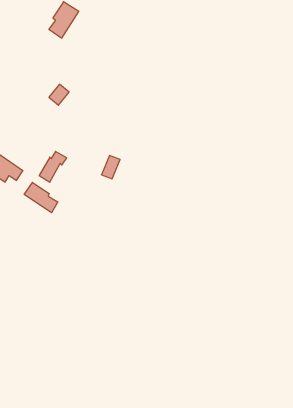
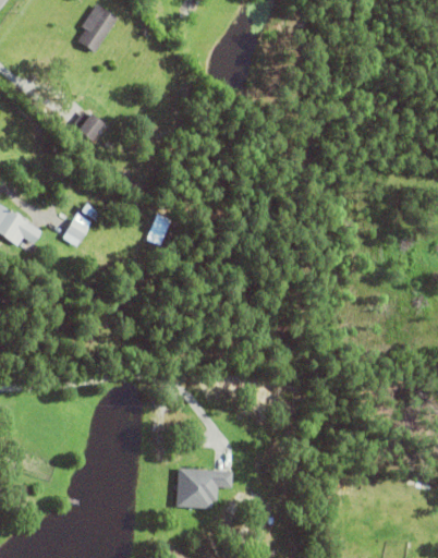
building: [24,182,58,213] -> none
building: none -> [175,463,233,505]

